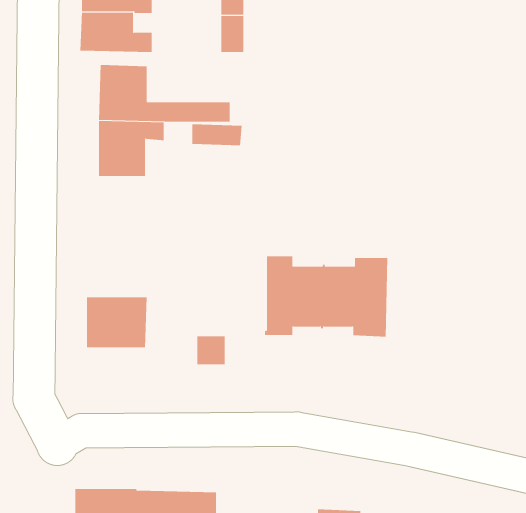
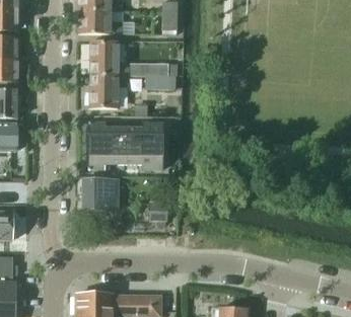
building: [264,256,388,337] -> [88,123,162,171]

